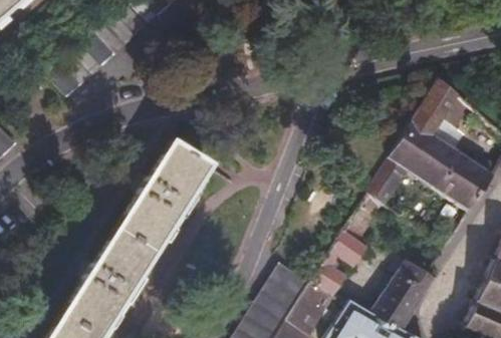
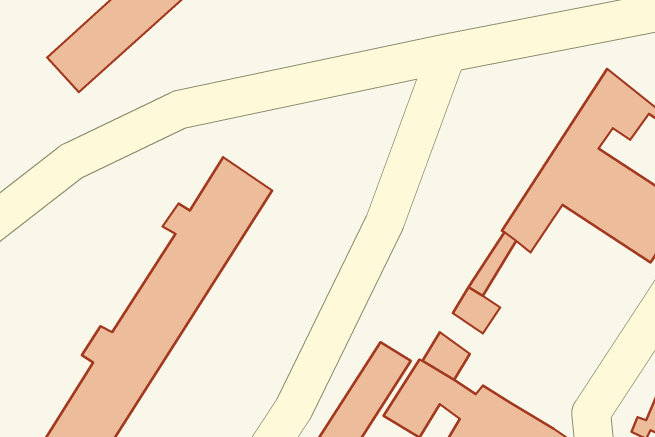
building: [373,261,436,328] -> none

